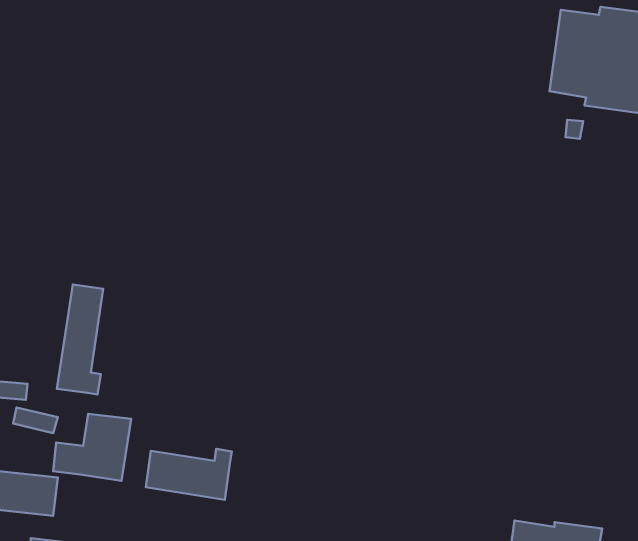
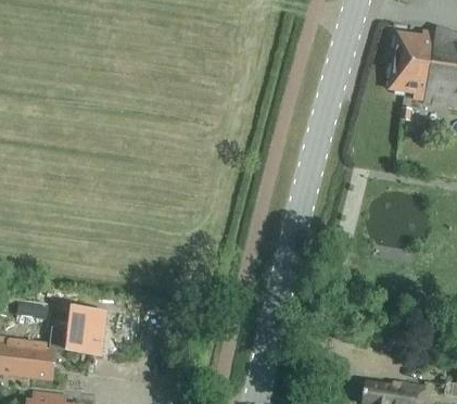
building: [57,285,103,394] -> none
building: [146,449,232,500] -> none

